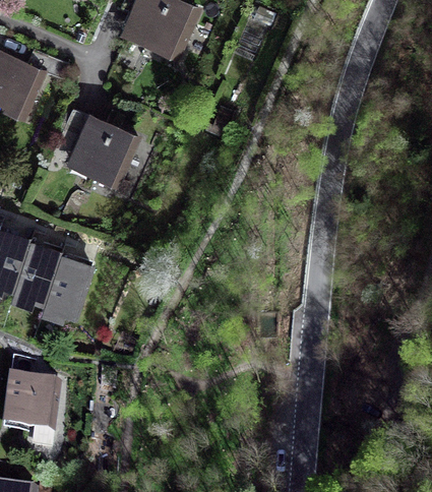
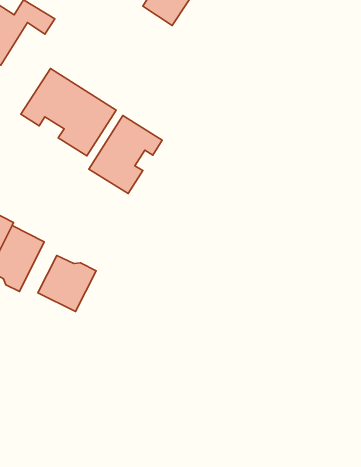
building: none -> [89,116,162,194]
building: none -> [38,255,96,312]

